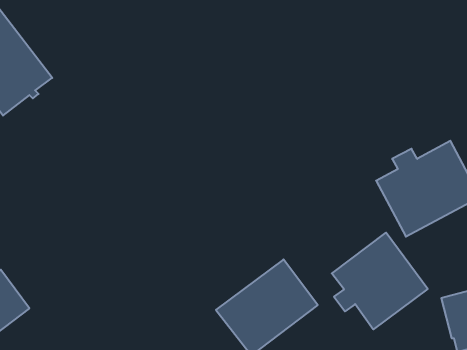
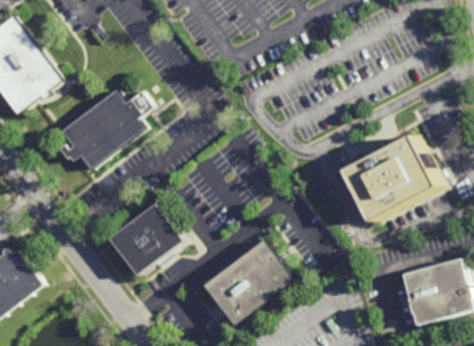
building: none -> [56,92,150,170]
building: none -> [108,205,182,276]
building: [332,233,428,329] -> none

